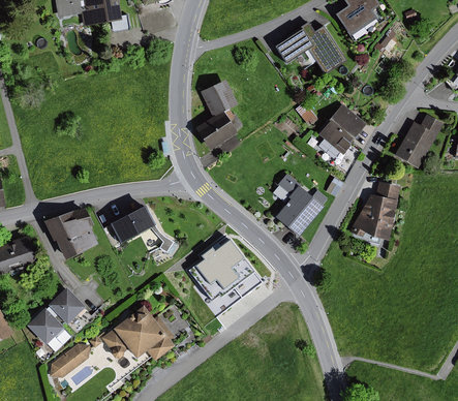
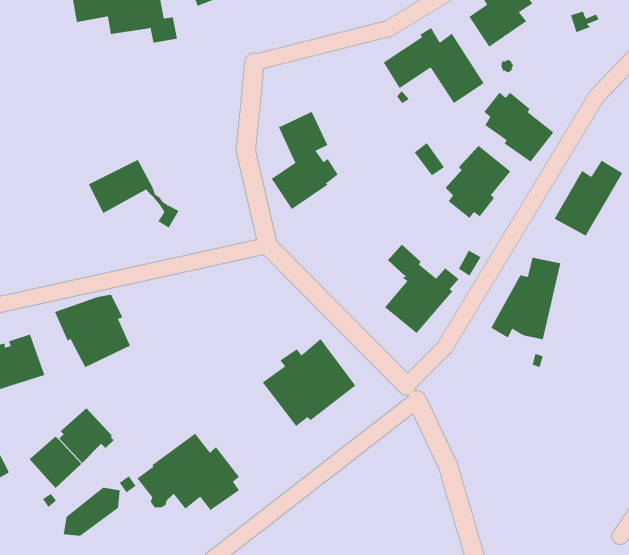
building: none -> [483,92,554,163]
building: [110,205,174,253] -> [88,159,180,228]

